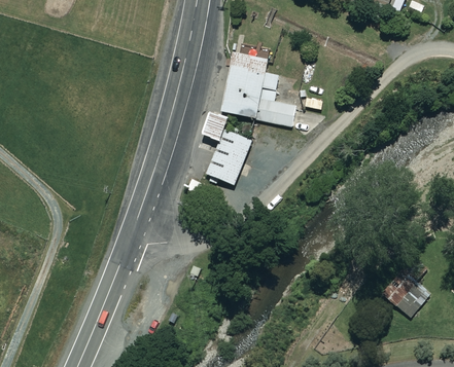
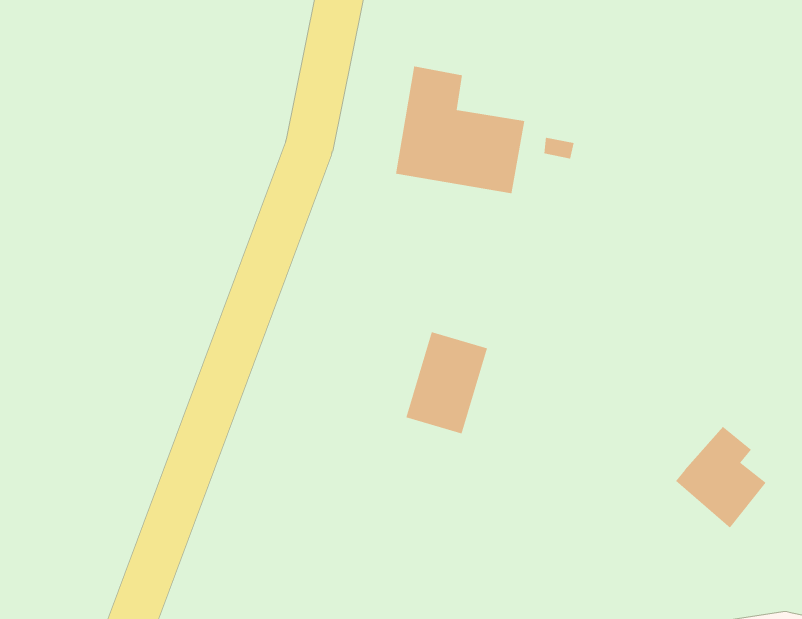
building: [200,130,246,187] -> [406,332,488,434]

